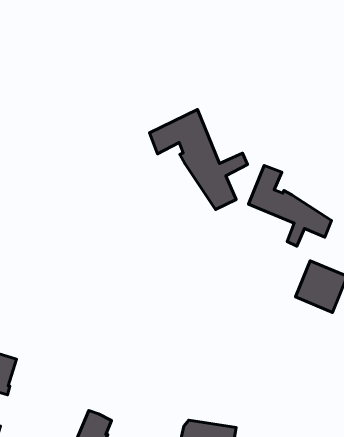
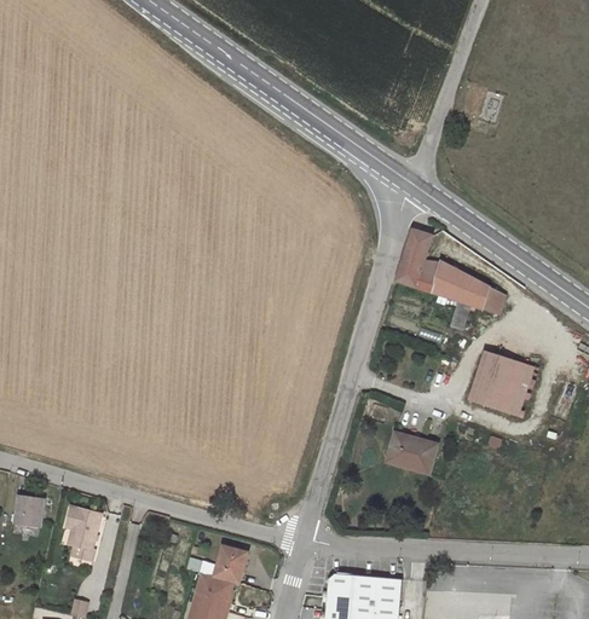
building: [150,109,248,210] -> none
building: none -> [385,429,438,474]
building: none -> [216,548,250,585]

